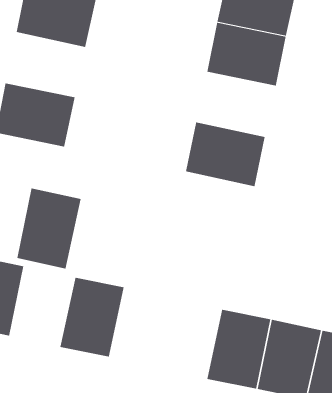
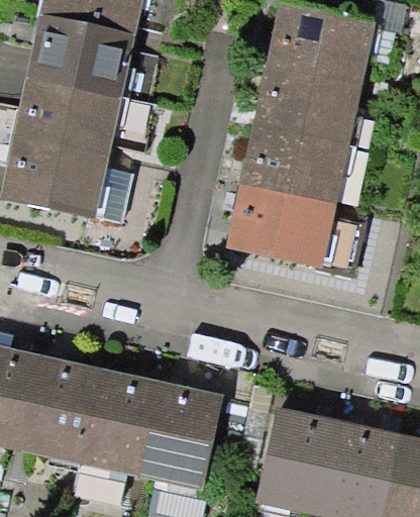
building: none -> [17,80,114,158]
building: none -> [245,127,342,205]
building: [17,188,81,269] -> [23,359,101,456]
building: none -> [142,385,220,482]

